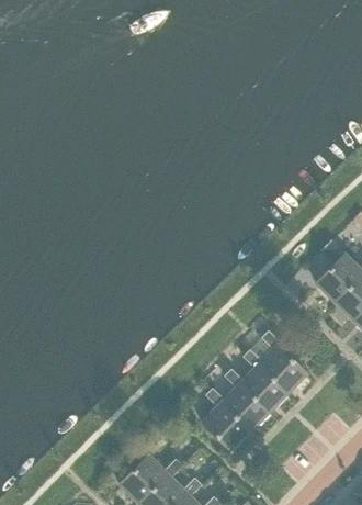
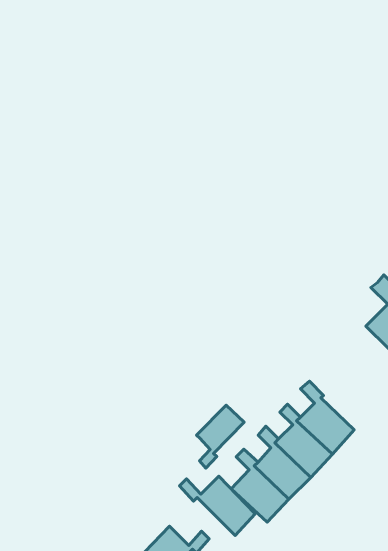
building: none -> [196,405,244,468]
building: none -> [179,476,255,536]

